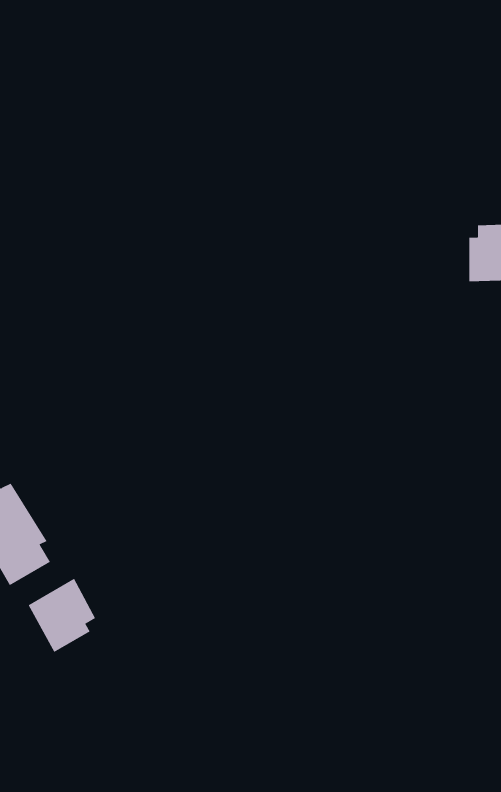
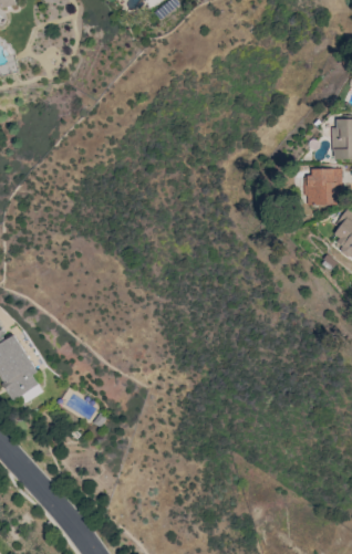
building: [28,578,96,653] -> none

